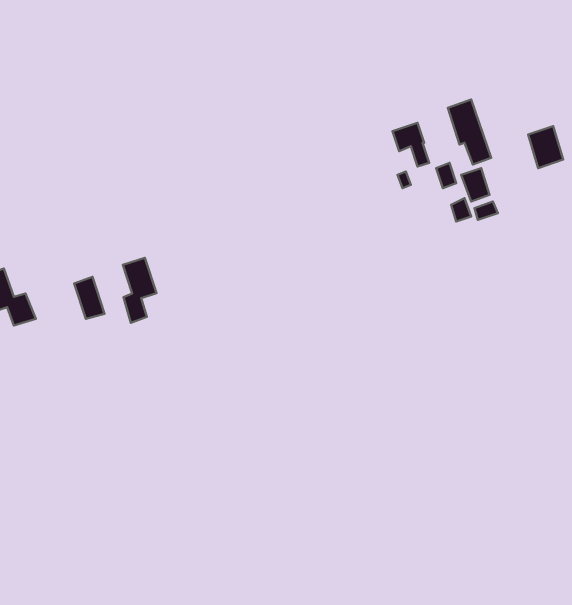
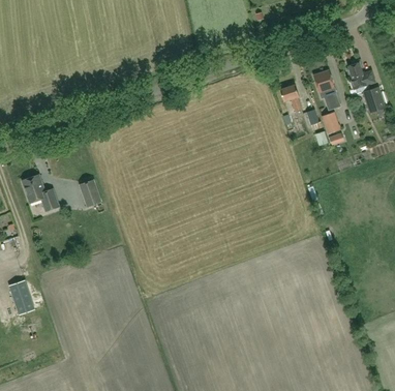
building: none -> [347,60,374,89]
building: [123,258,156,323] -> none

